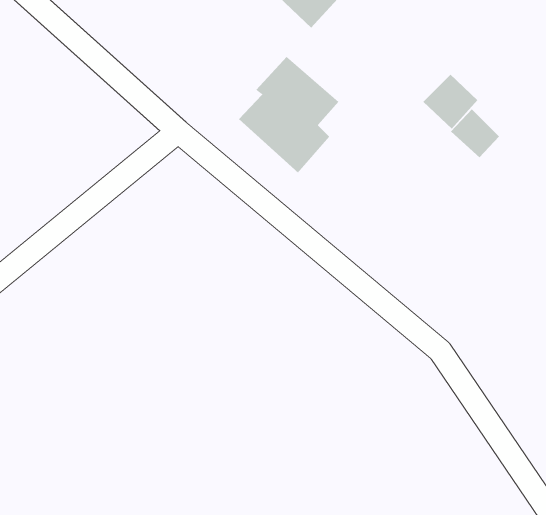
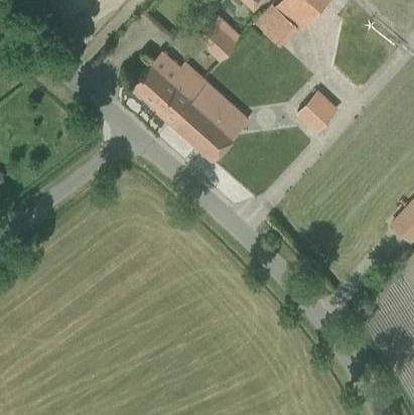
building: none -> [131,60,204,124]
building: [450,109,500,158] -> none

